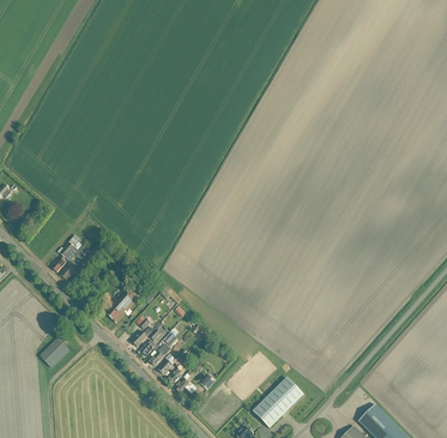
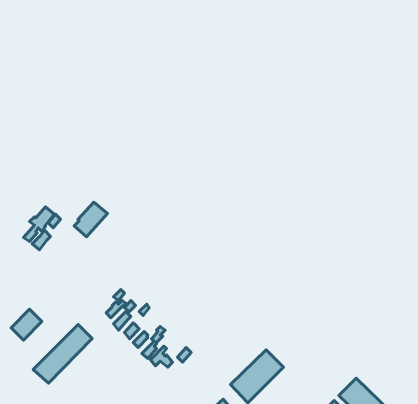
building: [104,288,137,322] -> [74,202,107,237]
building: none -> [33,324,92,383]

